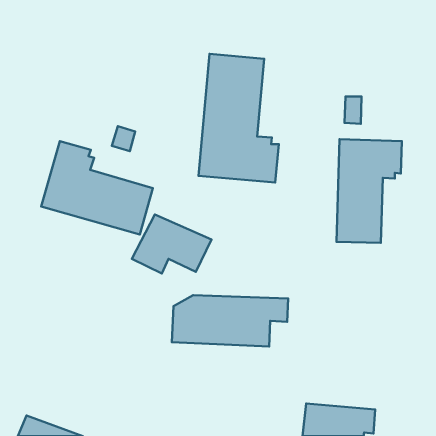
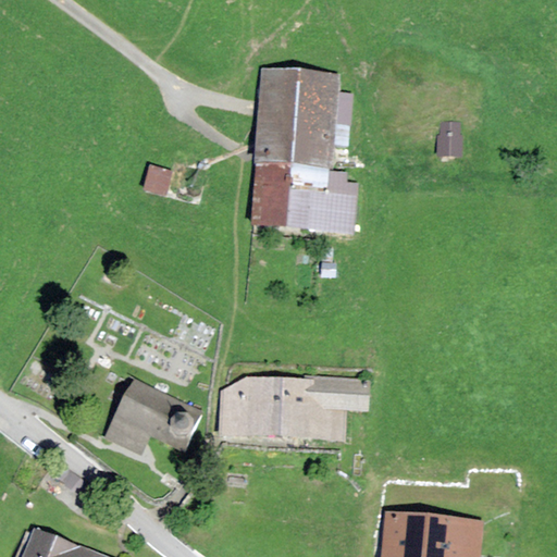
building: [336,139,402,243] -> none
building: [41,141,153,235] -> none
building: [132,215,211,273] -> [103,380,205,455]

